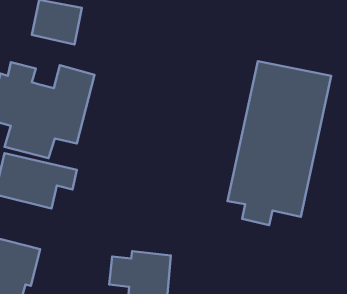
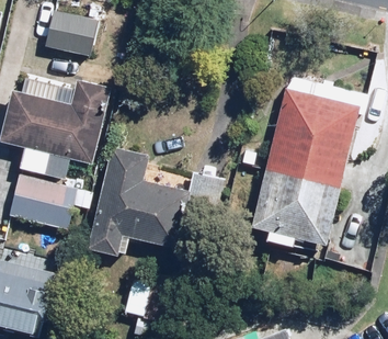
building: none -> [89,148,225,252]

